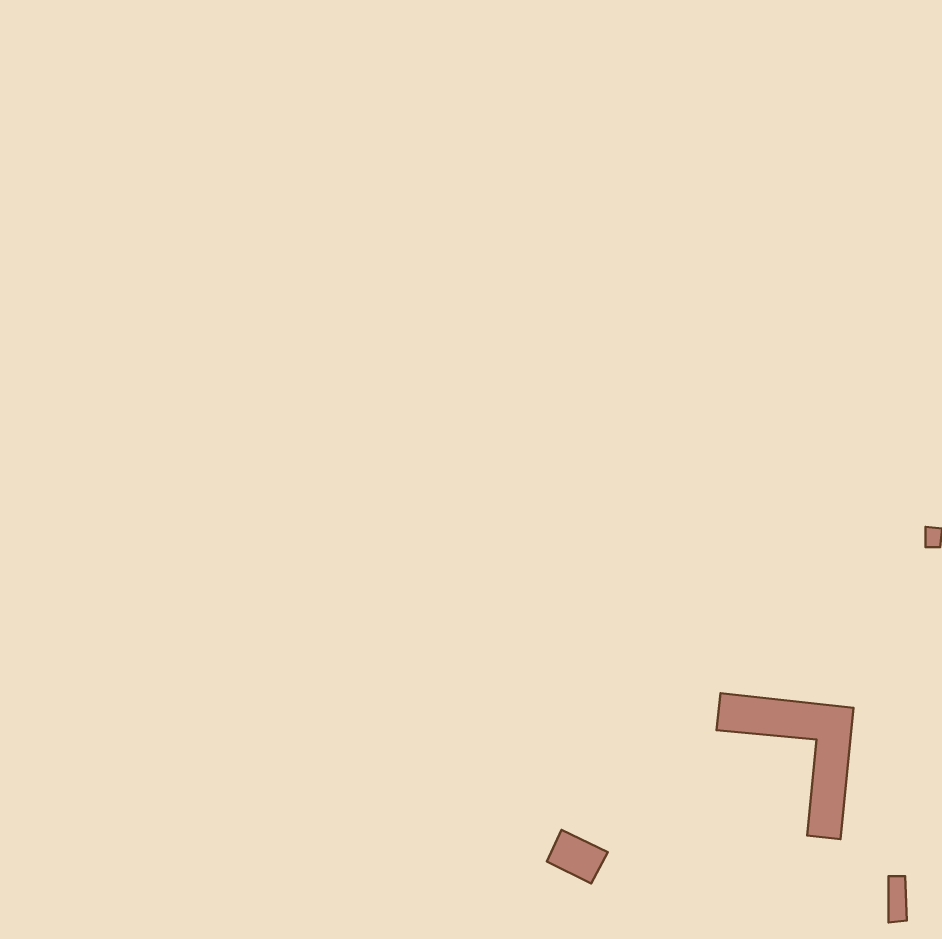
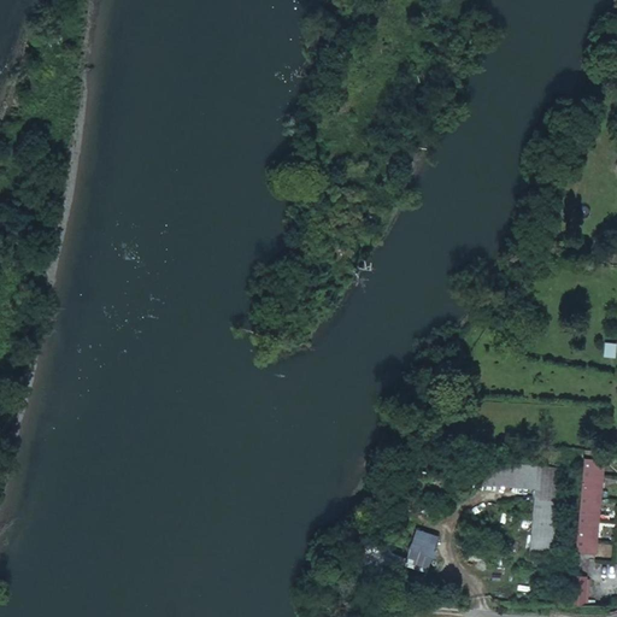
building: none -> [580,456,598,556]
building: none -> [407,534,436,575]

